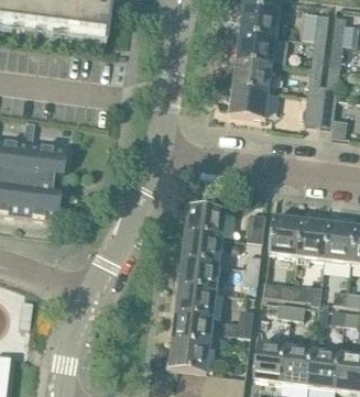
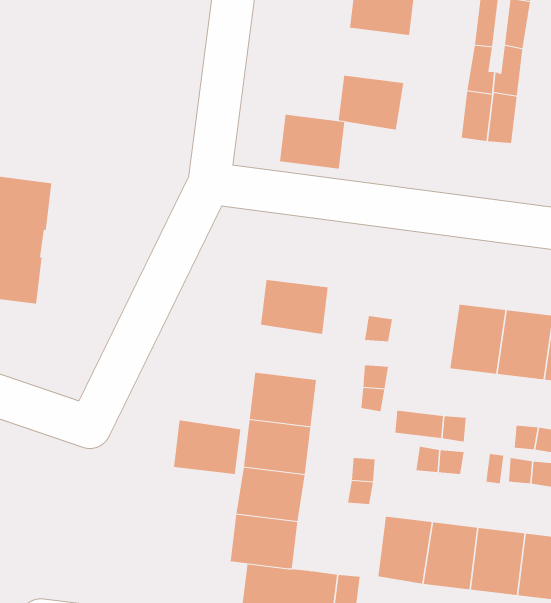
building: [234,58,273,90] -> [279,114,345,169]
building: [269,214,302,256] -> none
building: [183,231,222,263] -> [173,420,241,475]

